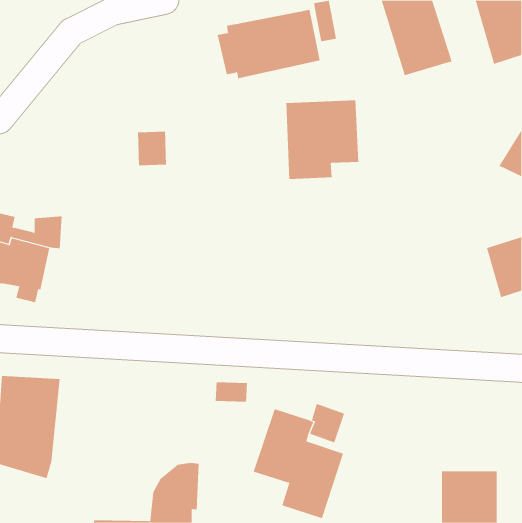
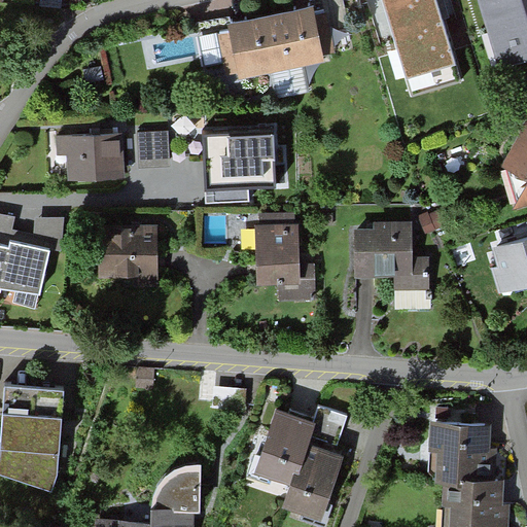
building: [285,100,359,180] -> [202,125,276,205]
building: none -> [55,133,127,182]
building: none -> [355,222,432,306]
building: none -> [97,223,159,281]
building: none -> [254,226,317,302]
building: none -> [426,416,483,473]

